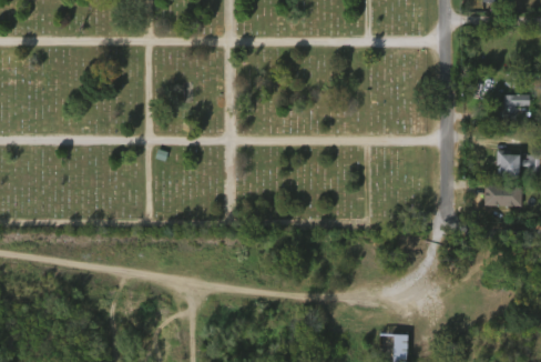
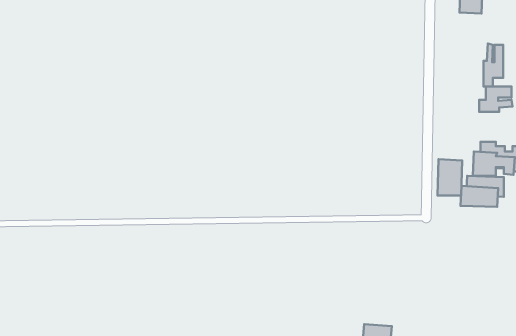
building: none -> [484,44,503,86]
building: none -> [437,159,462,196]

